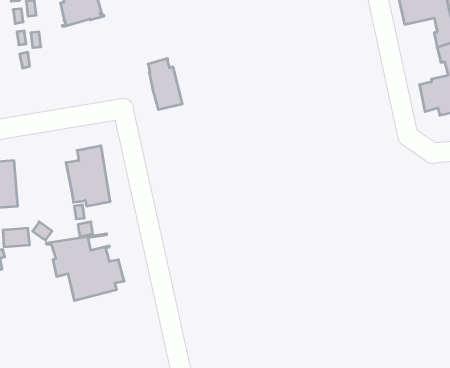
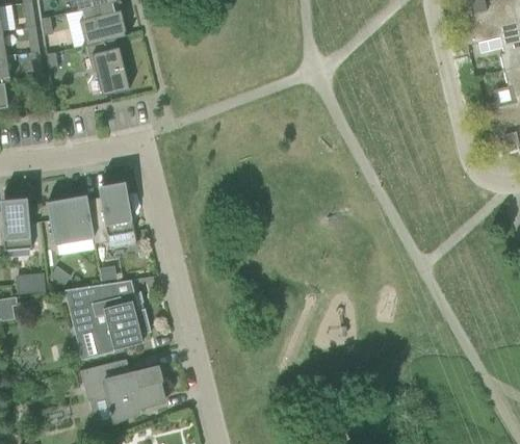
building: [148,59,182,110] -> [90,38,129,96]
building: none -> [44,195,93,243]
building: none -> [80,359,164,422]

